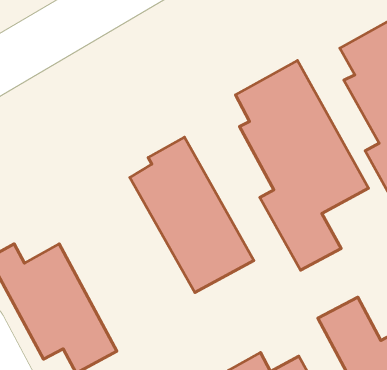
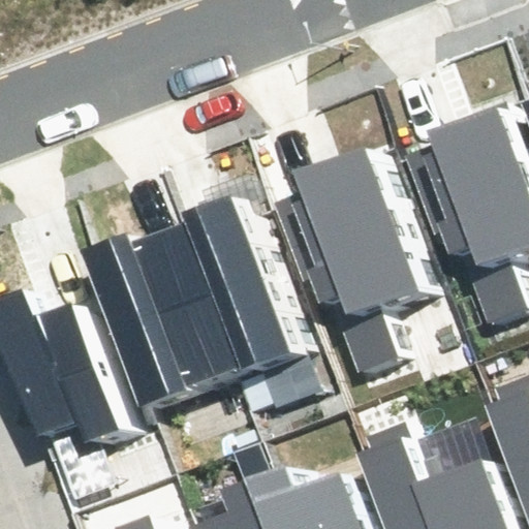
building: none -> [101,231,238,409]

